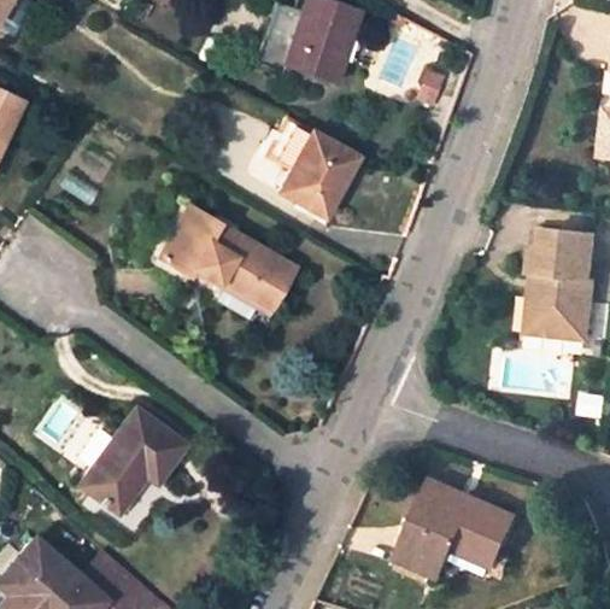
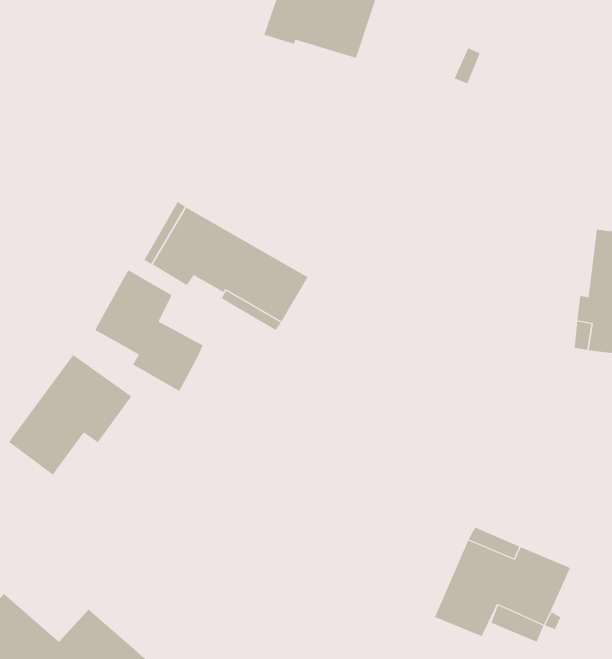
building: [270,117,359,216] -> none
building: none -> [95,269,204,392]
building: [80,409,186,513] -> [8,354,132,476]

